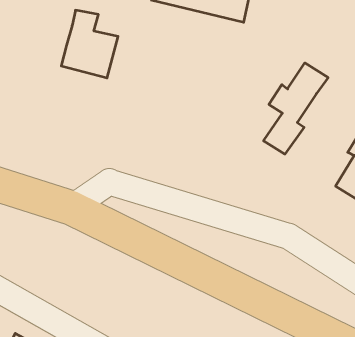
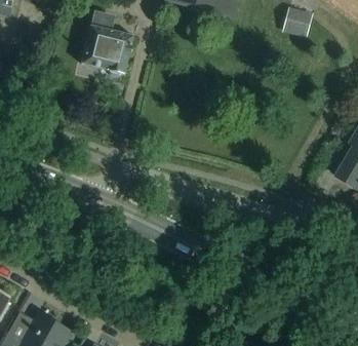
building: none -> [282,6,313,38]
building: [264,63,328,154] -> none

